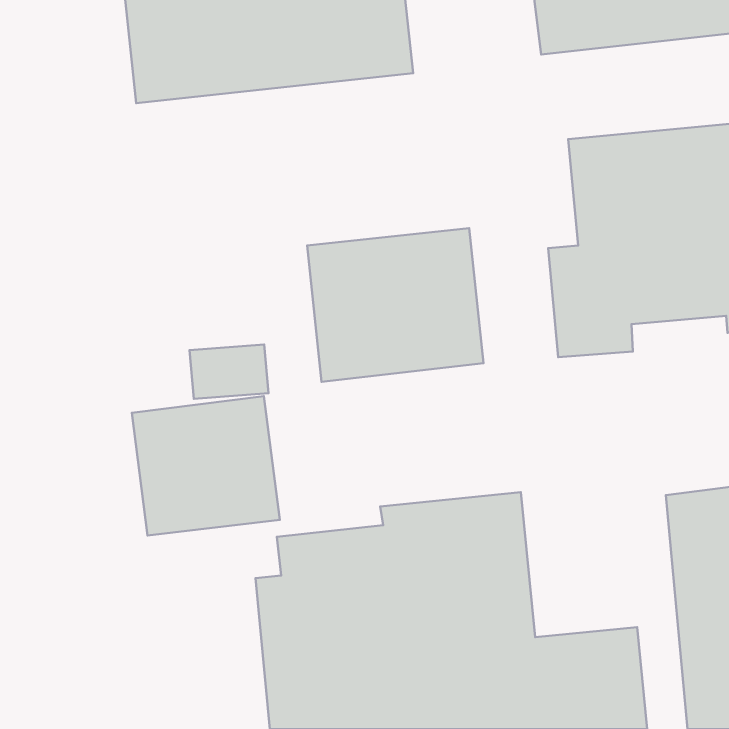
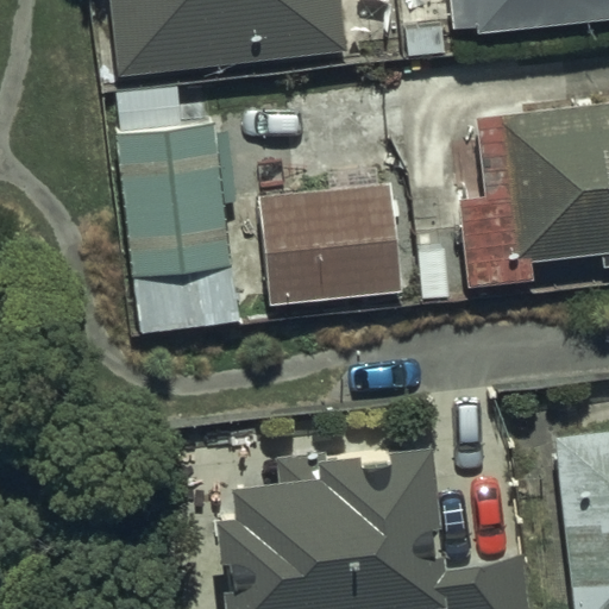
building: none -> [111,130,232,287]
building: [132,396,280,536] -> none

